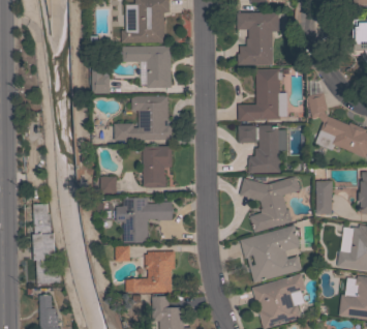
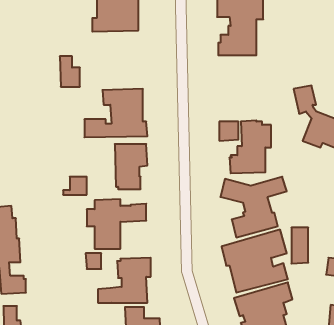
building: [123,46,172,87] -> none
building: [239,68,287,121] -> none
building: [316,181,332,214] -> [291,228,308,264]

